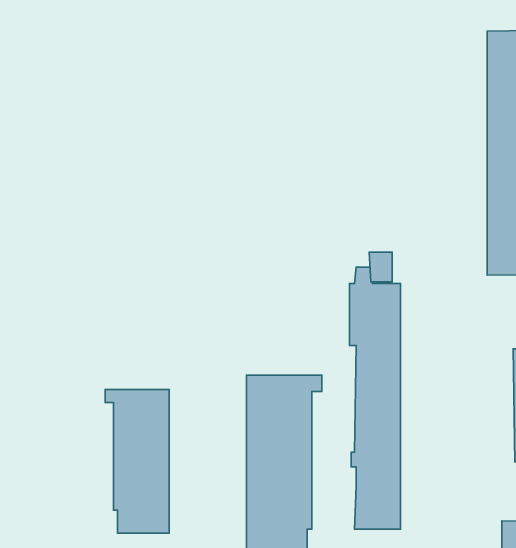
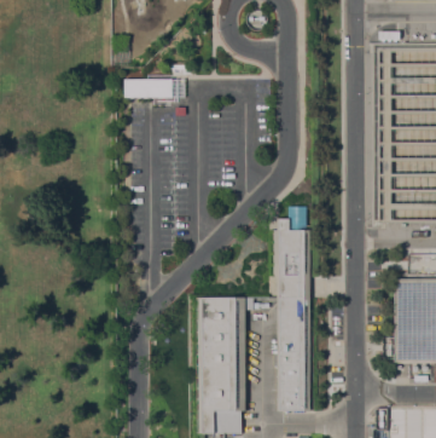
building: none -> [127,77,187,98]
building: [105,390,169,533] -> none

